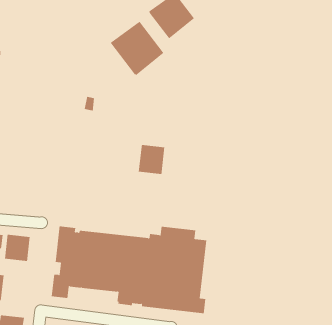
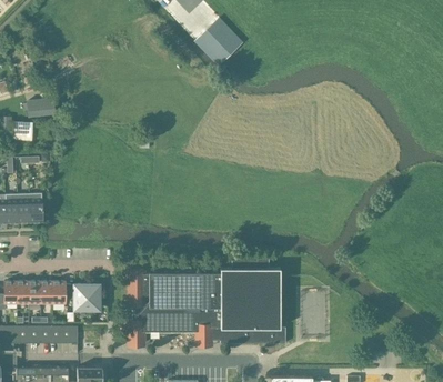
building: [110,21,164,76] -> none
building: [138,144,165,175] -> none

